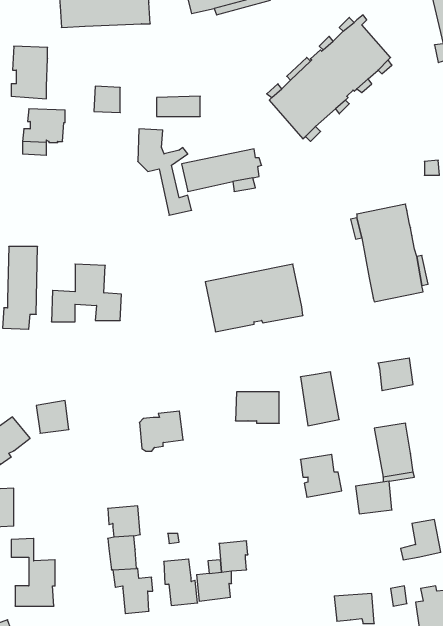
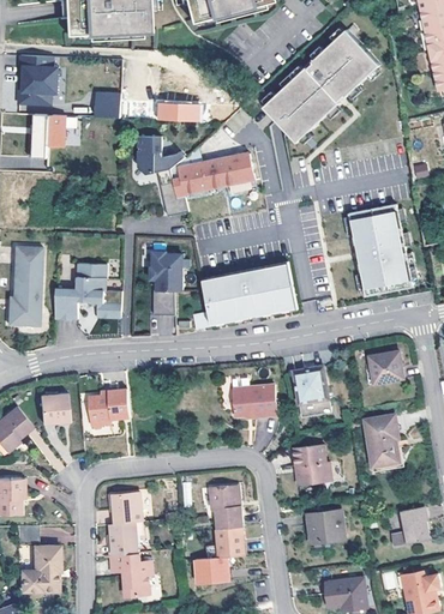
building: none -> [151,249,190,313]
building: [139,411,183,451] -> [88,390,130,428]
building: [356,481,392,514] -> [308,508,343,540]
building: [164,559,198,605] -> [210,486,242,530]

